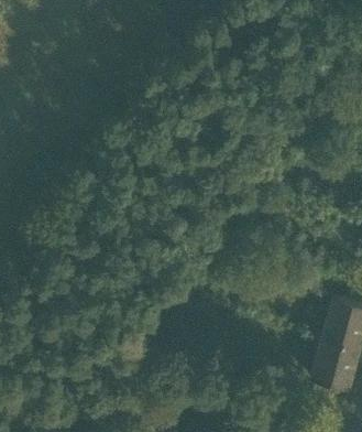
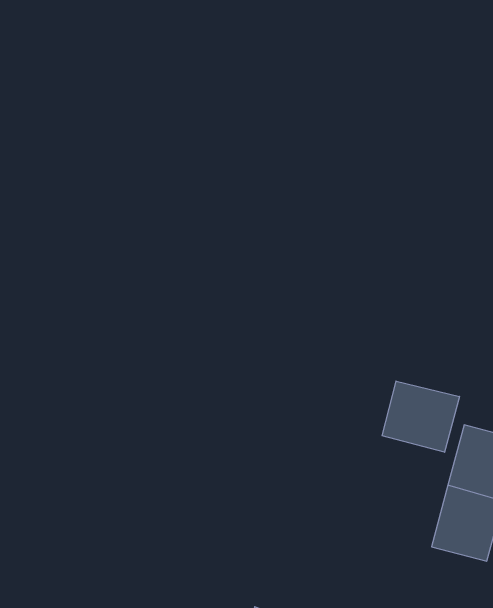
building: none -> [382,381,459,452]

